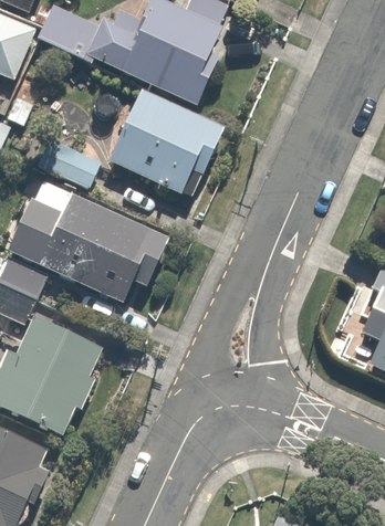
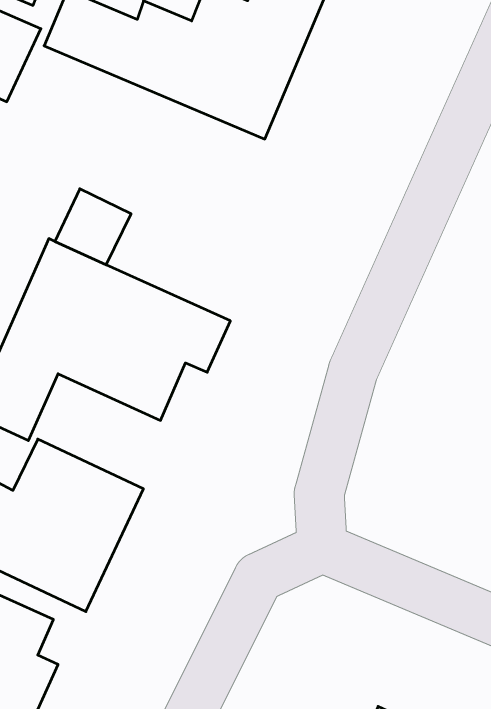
building: [107,91,225,198] -> none

